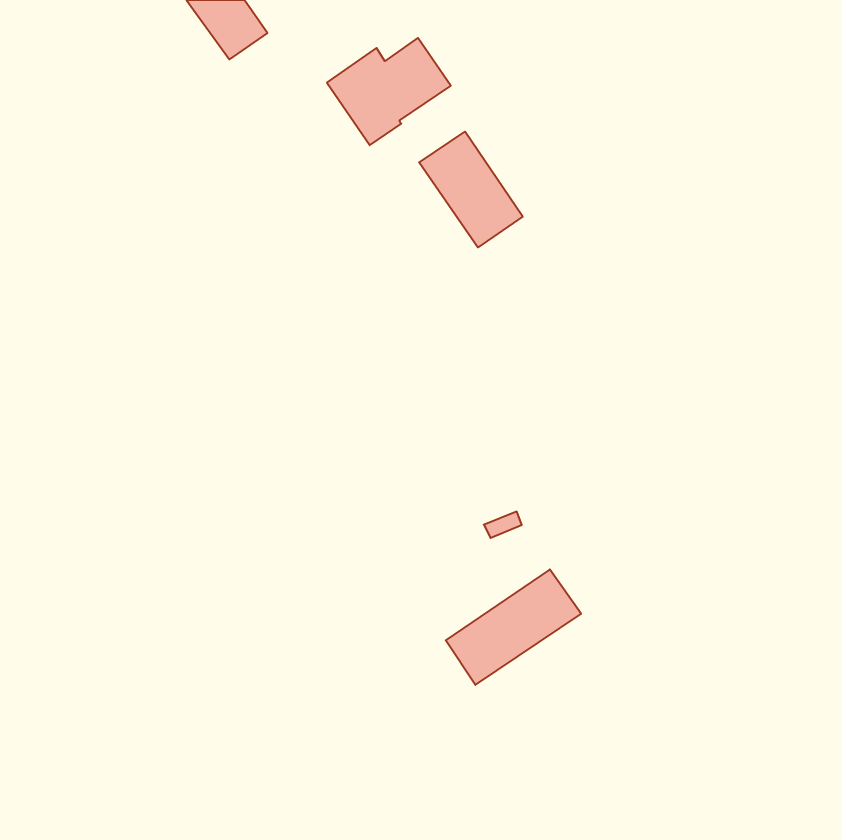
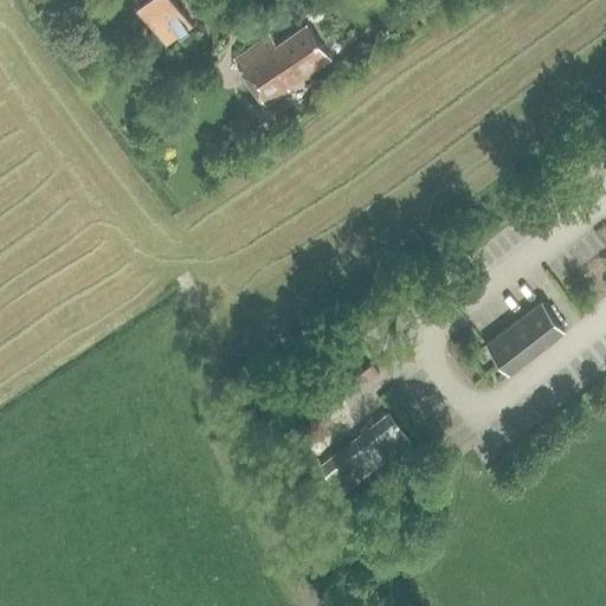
building: [419,132,523,247] -> none
building: none -> [486,303,565,376]

